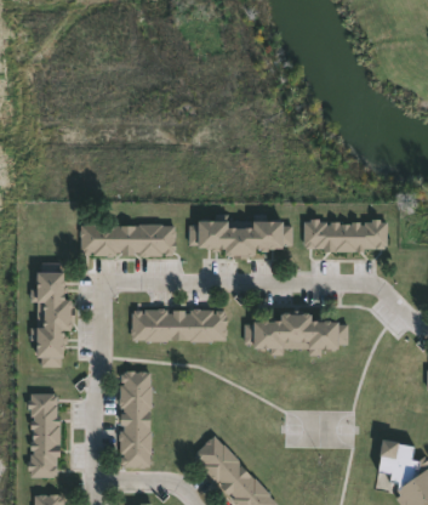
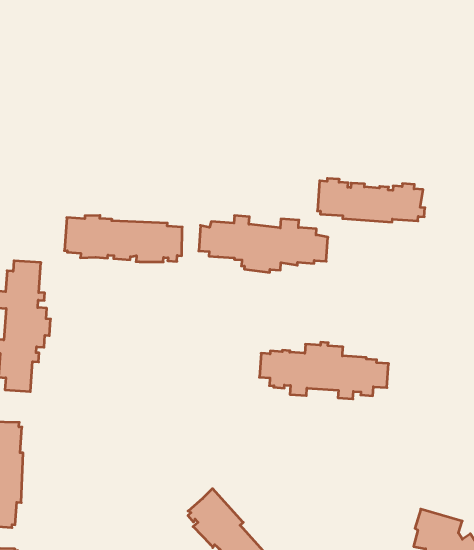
building: [304,219,390,250] -> [317,178,425,222]
building: [132,308,227,341] -> none
building: [120,370,152,467] -> none

